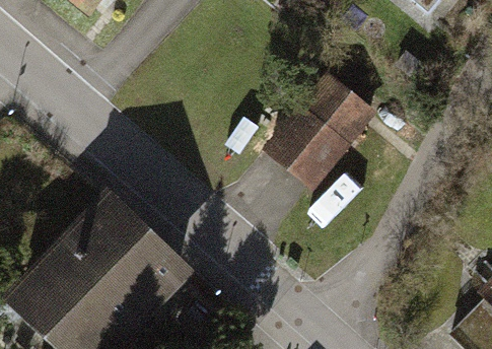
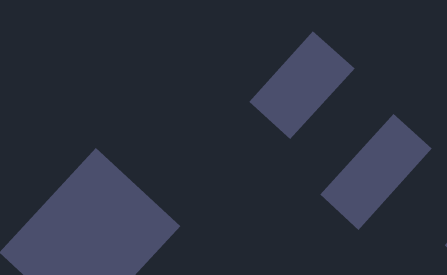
building: none -> [320,113,432,231]

